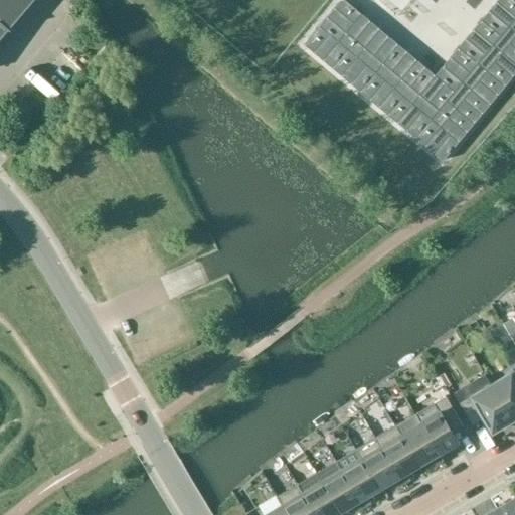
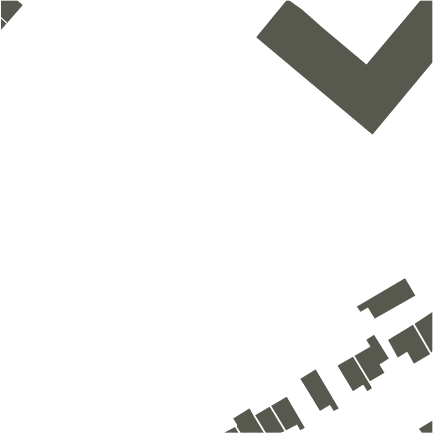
building: none -> [356,277,416,320]
building: [375,425,418,485] -> none
building: [341,458,379,508] -> none

